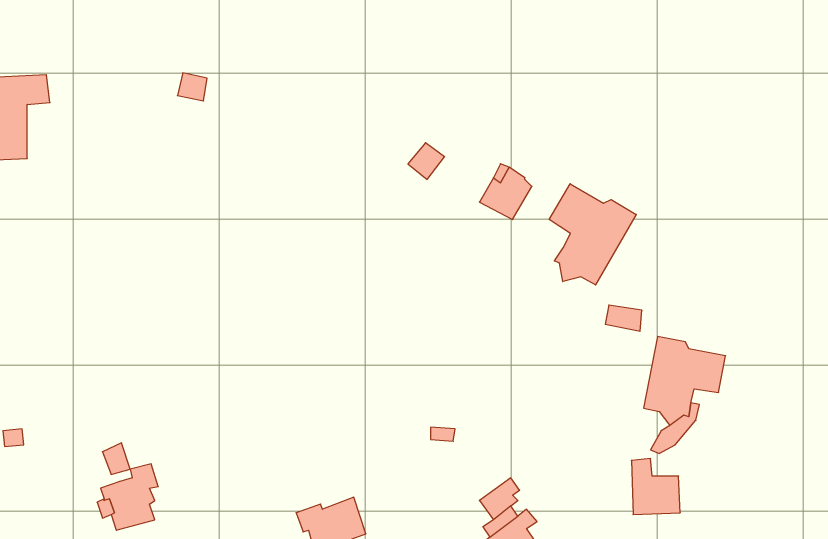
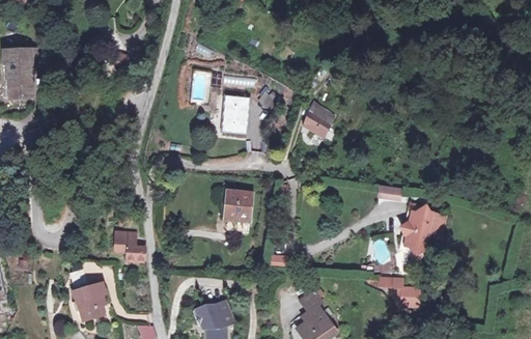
building: none -> [212,96,242,135]
building: [549,184,636,285] -> none
building: none -> [223,188,249,220]
building: none -> [113,232,144,261]

